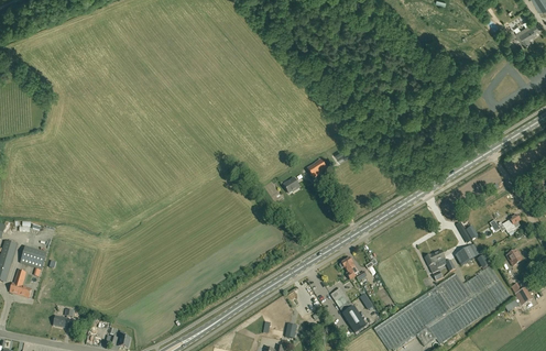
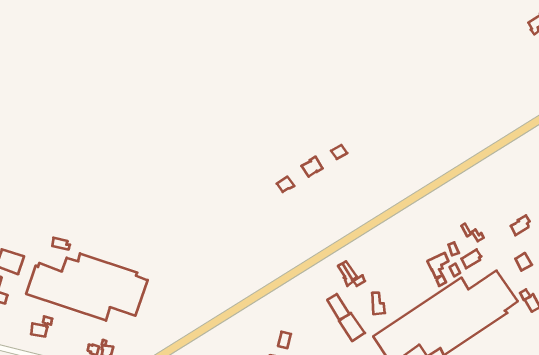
building: none -> [26,253,148,321]

